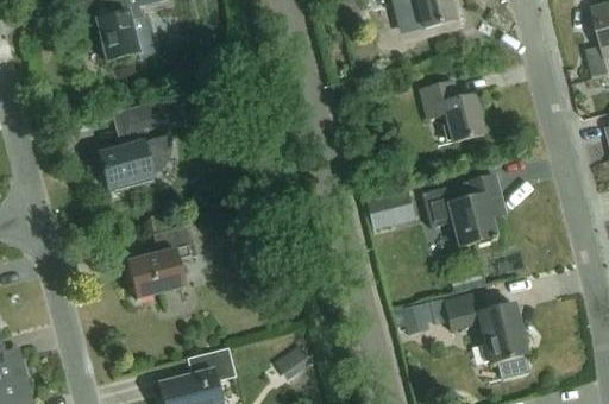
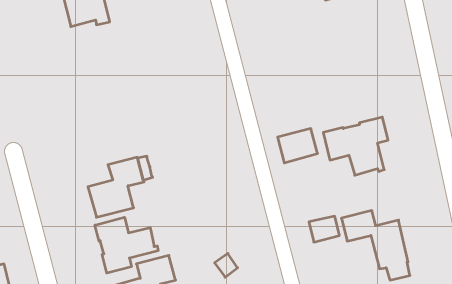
building: [420,80,484,141] -> none
building: [99,100,172,188] -> none
building: none -> [95,217,158,273]

